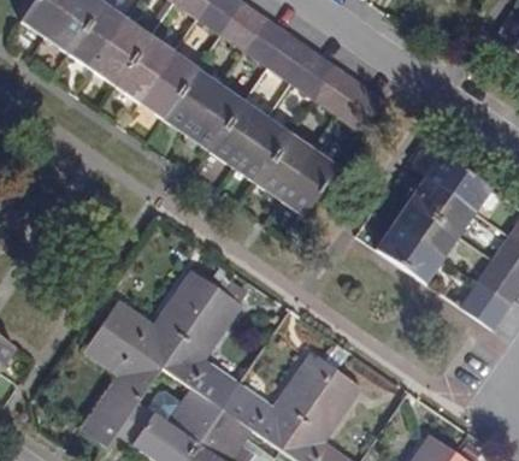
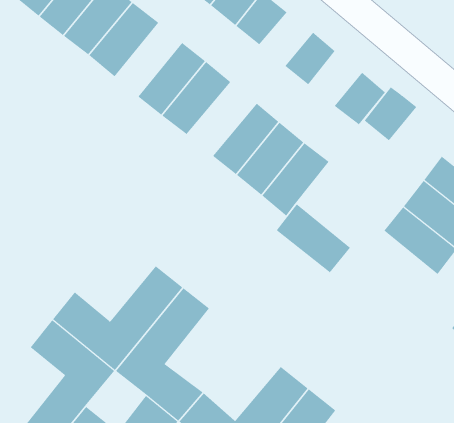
building: [269,35,315,83] -> none
building: [141,53,199,120] -> none
building: [315,66,362,116] -> [364,86,417,141]
building: [210,101,270,169] -> none
building: [376,224,444,284] -> [276,204,351,273]

